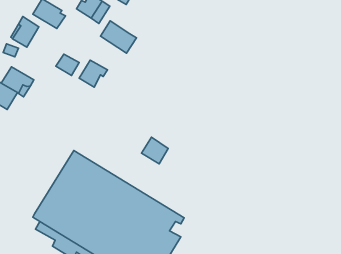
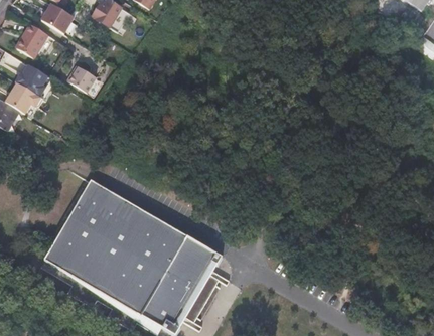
building: [100,21,136,53] -> none
building: none -> [16,63,48,94]
building: [79,60,107,87] -> none
building: [141,137,168,164] -> none

